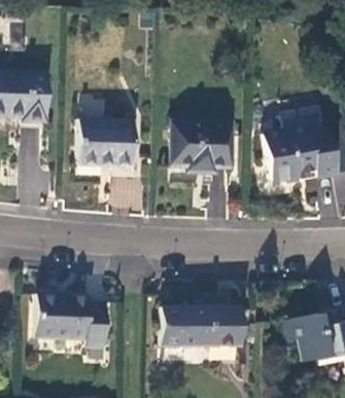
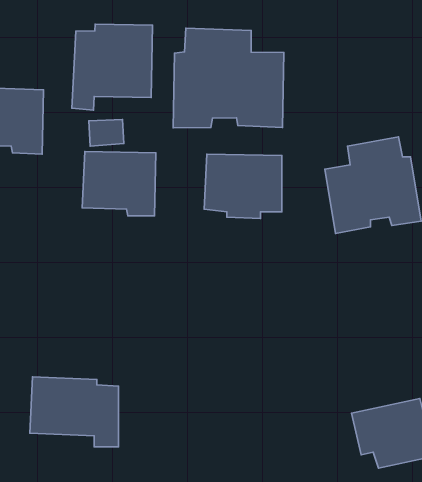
building: none -> [72,24,152,110]
building: none -> [173,28,284,128]
building: [161,307,241,347] -> none

